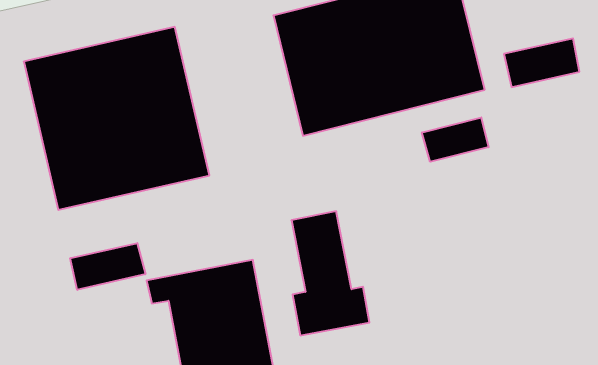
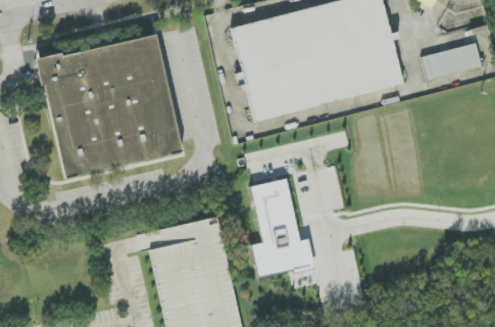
building: [422,117,489,162] -> none
building: [70,243,145,290] -> none

